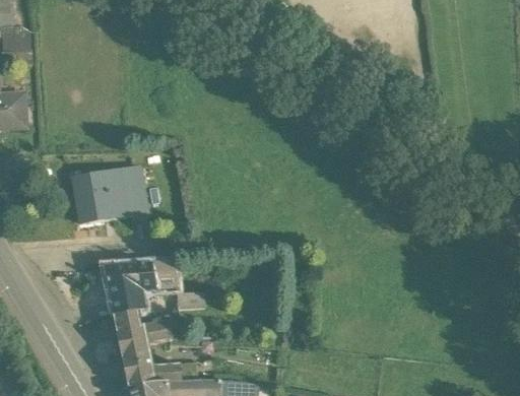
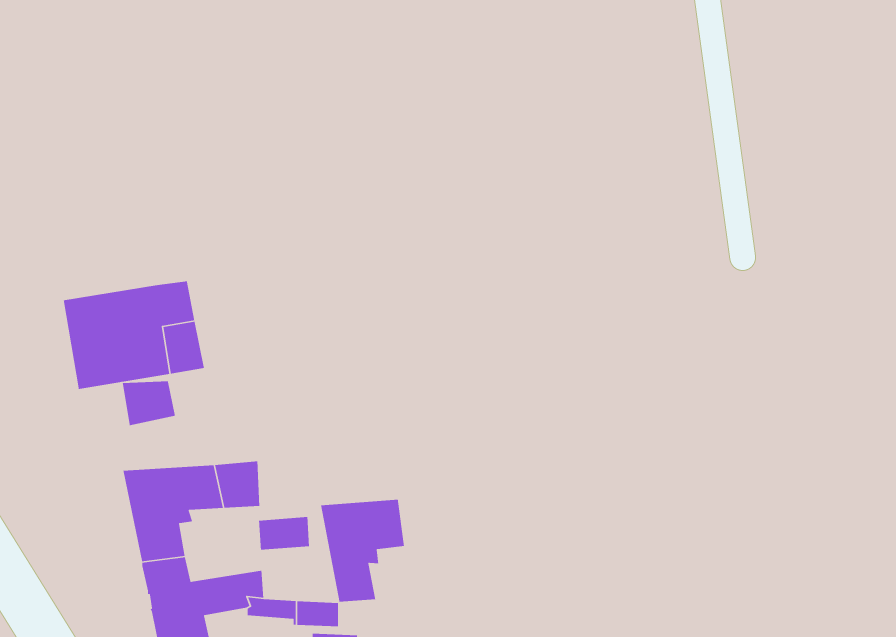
building: none -> [122,380,176,426]
building: none -> [320,499,405,602]

